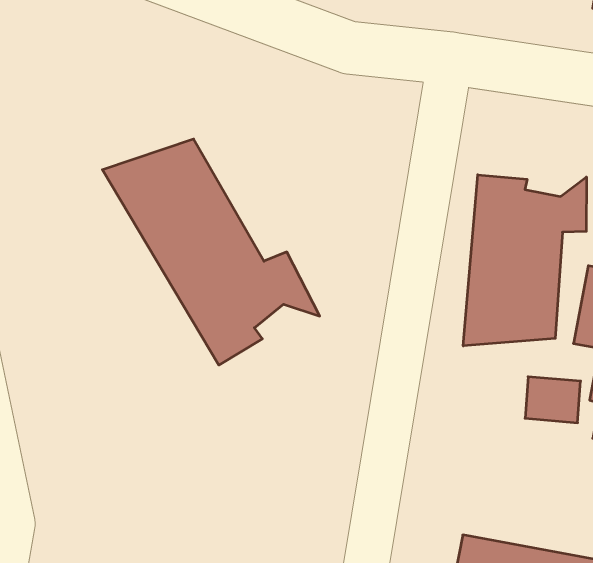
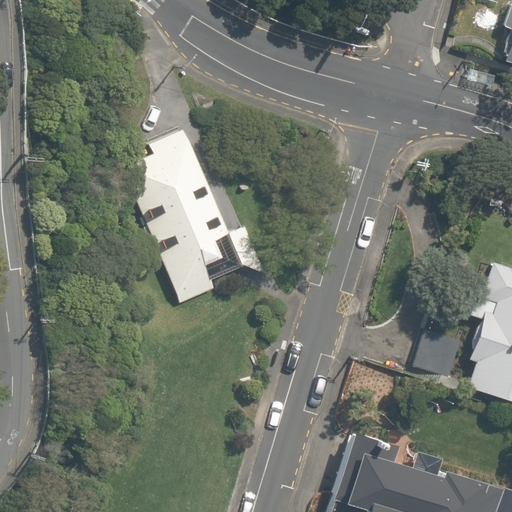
building: [463,175,586,346] -> none

